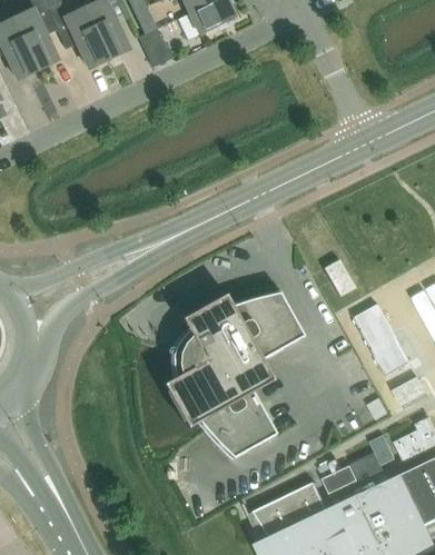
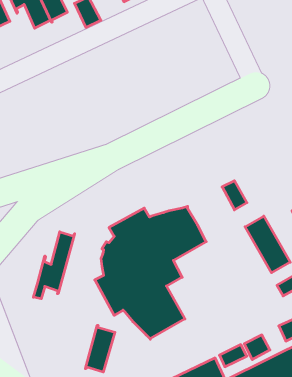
building: none -> [33,232,75,299]
building: none -> [85,325,115,372]

